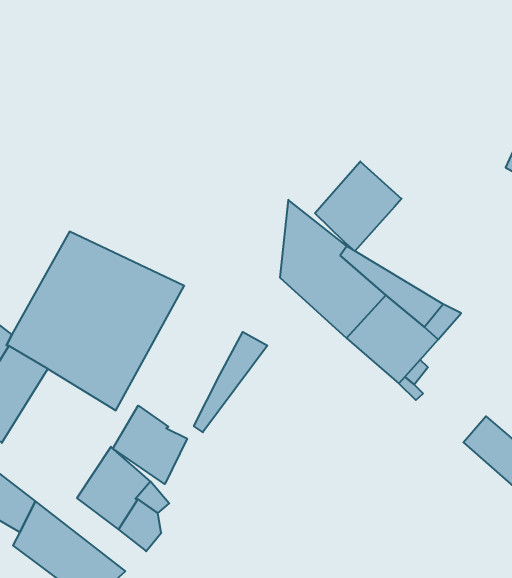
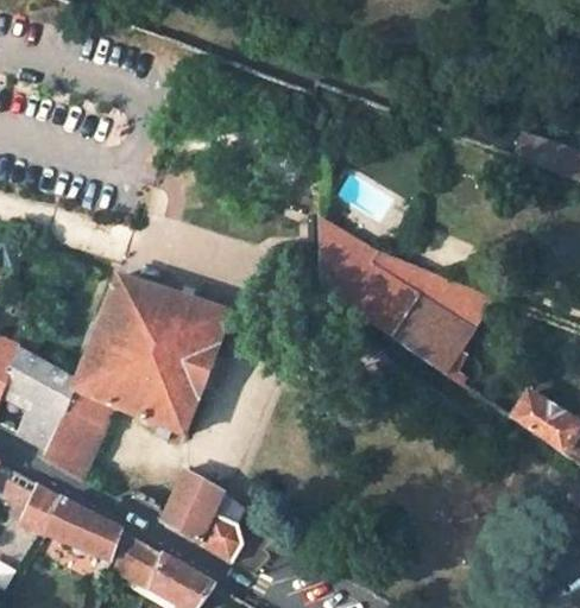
building: [315,161,402,251] -> none
building: [194,332,267,432] -> none
building: [113,406,187,484] -> none

